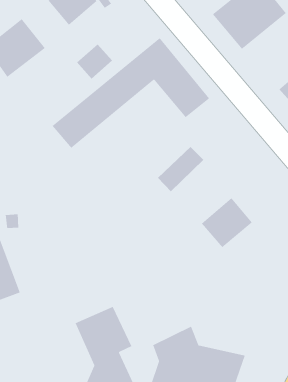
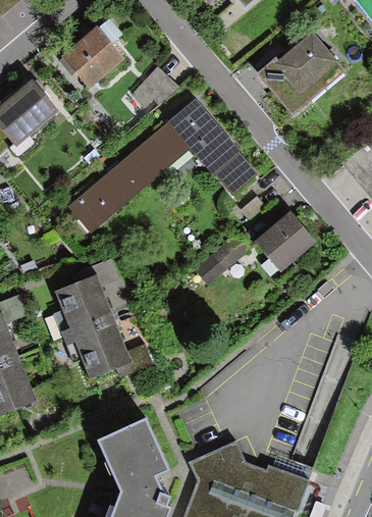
building: [76,44,113,79] -> [136,66,179,109]
building: none -> [48,279,127,383]
building: [201,197,253,248] -> [255,209,317,270]

